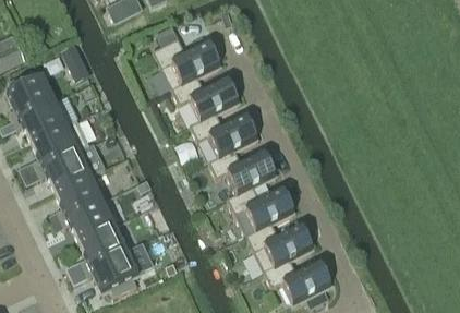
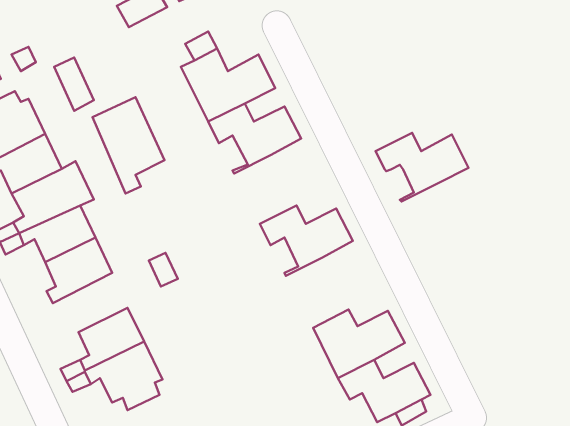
building: none -> [92,97,165,193]
building: [190,112,256,161] -> [376,133,469,202]
building: [227,185,293,236] -> none
building: [60,196,113,239] -> none

